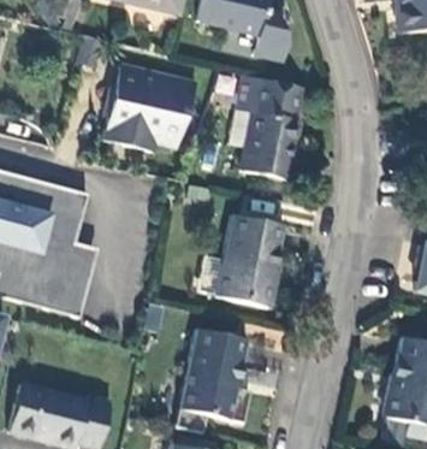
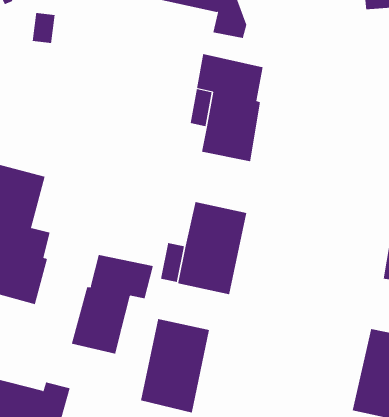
building: [103,60,197,153] -> none
building: none -> [71,254,154,354]

